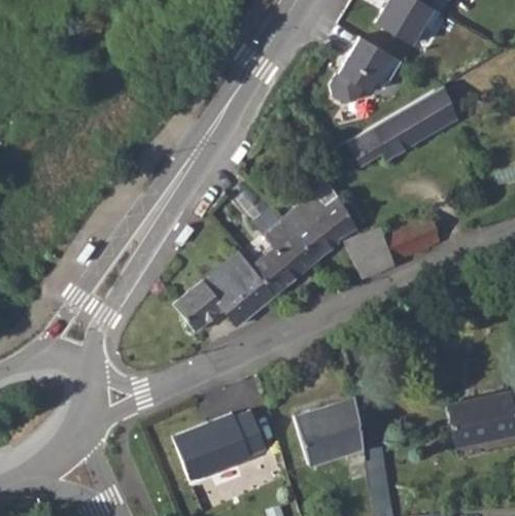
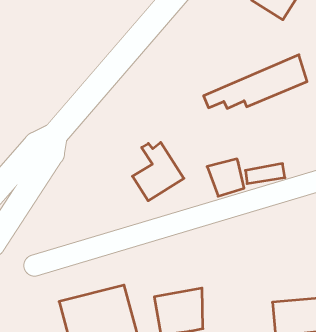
building: [340,40,397,103] -> none
building: [280,195,356,261] -> none
building: [173,250,273,329] -> none

